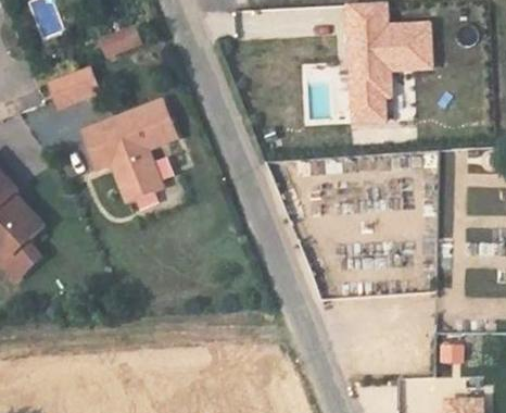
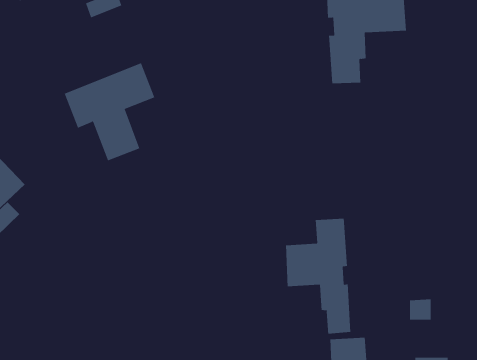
building: [45,64,104,110] -> none
building: none -> [285,218,351,334]

